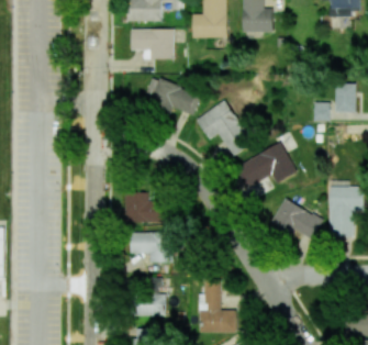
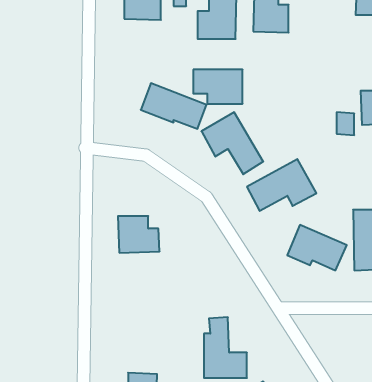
building: [131,30,174,59] -> [193,70,243,104]
building: [131,233,171,263] -> none
building: [135,279,167,318] -> none

